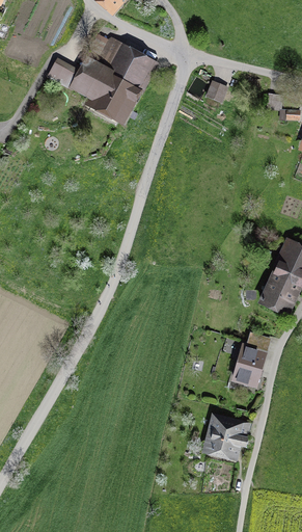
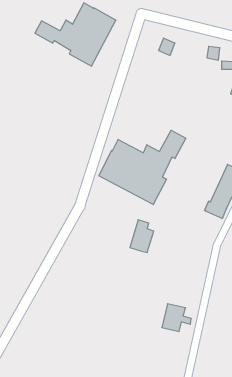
building: none -> [99,130,186,205]
building: [234,343,264,384] -> [130,220,154,253]

